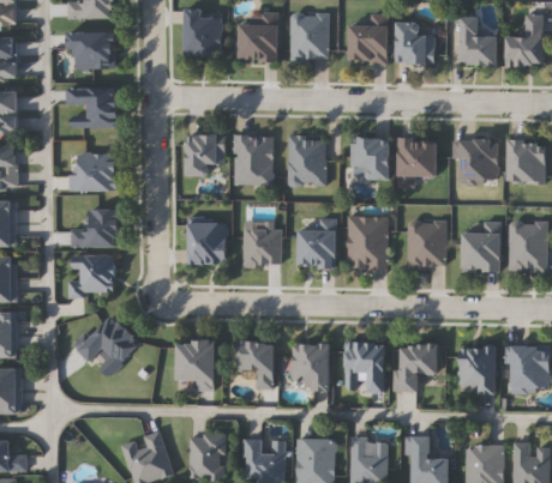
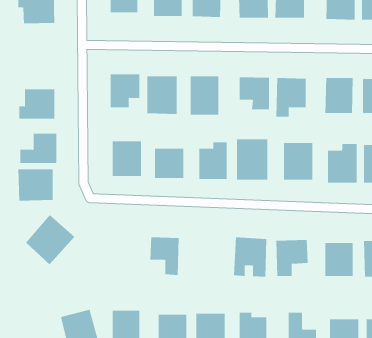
building: [68,86,118,127] -> none
building: [176,339,215,391] -> none
building: [290,343,330,391] -> none

